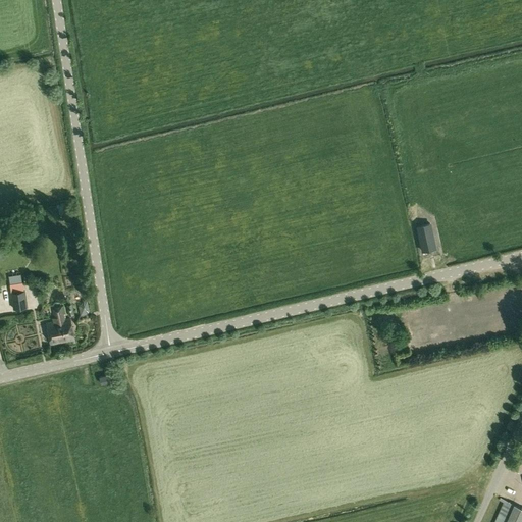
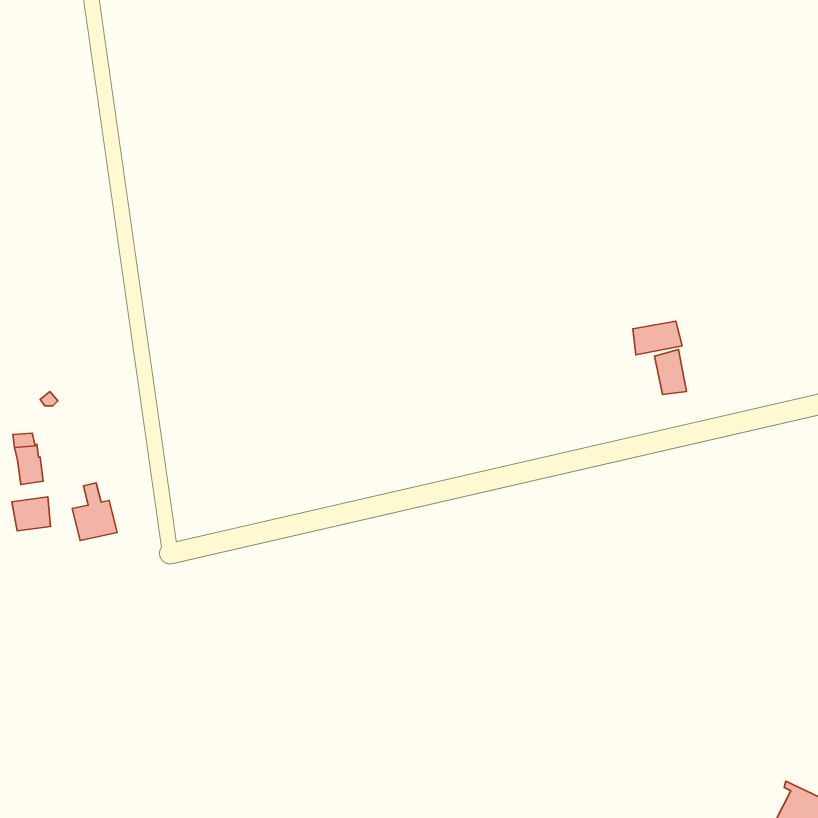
building: none -> [633,321,682,355]
building: none -> [12,497,50,531]

